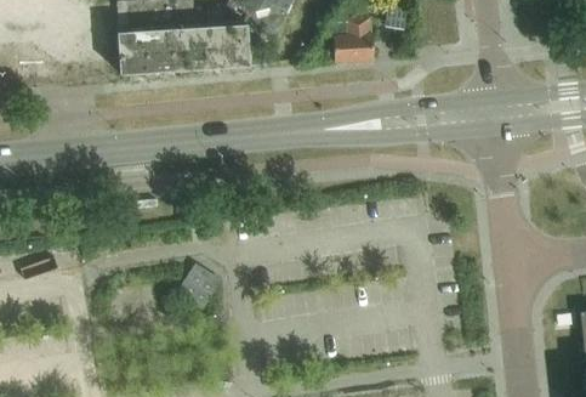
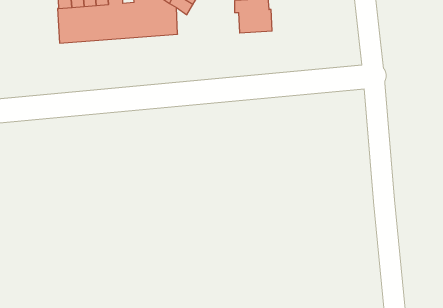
building: [177,265,220,308] -> none

